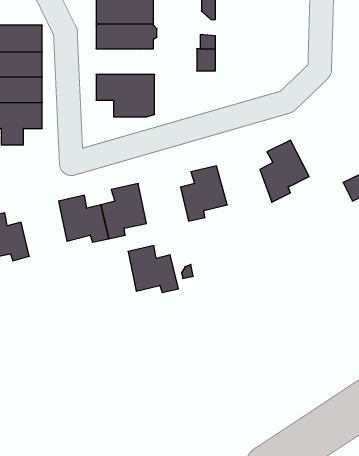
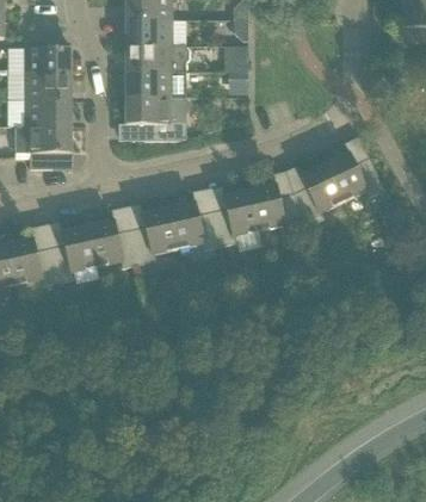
building: none -> [125,72,184,98]
building: none -> [323,154,383,202]
building: none -> [248,185,304,233]
building: none -> [49,227,95,283]
building: [128,246,178,292] -> [168,203,220,250]

